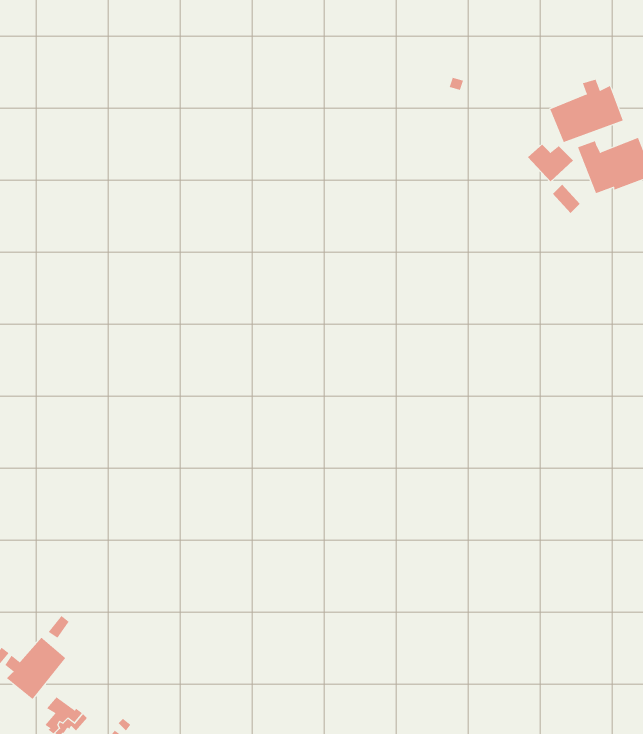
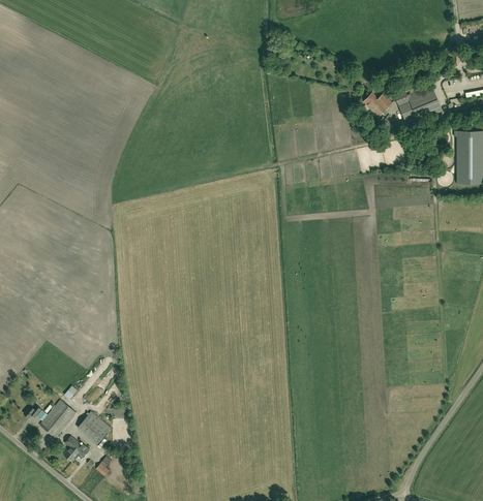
building: [550,79,624,143] -> none
building: none -> [78,411,111,443]

